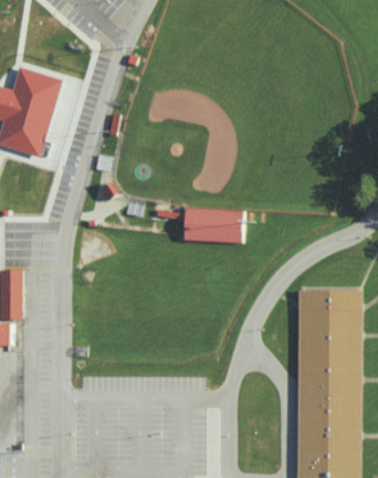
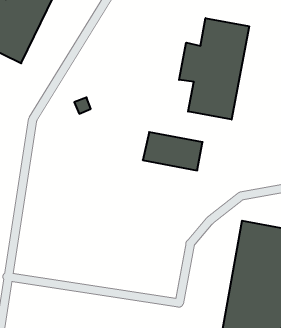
building: none -> [179,18,249,120]

